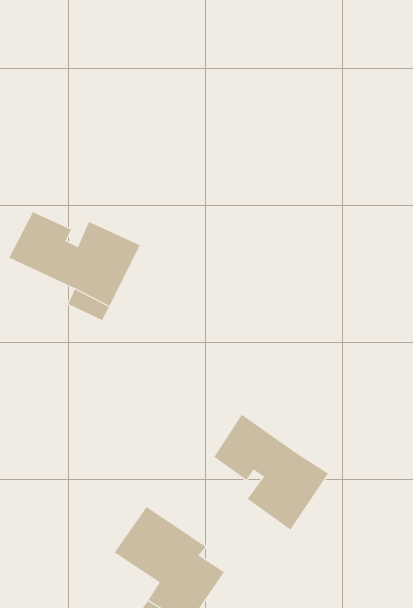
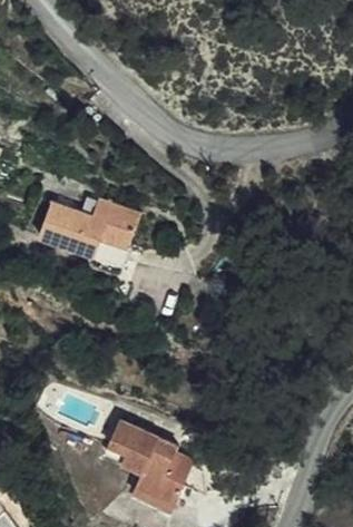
building: [213,414,329,530] -> none

